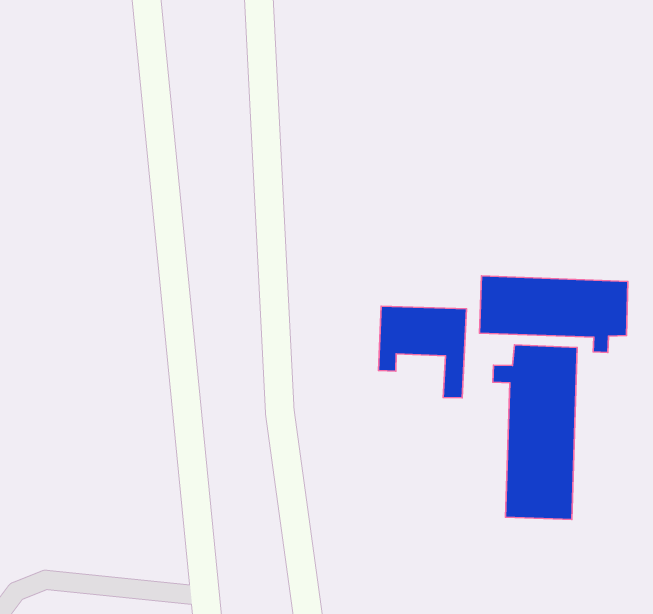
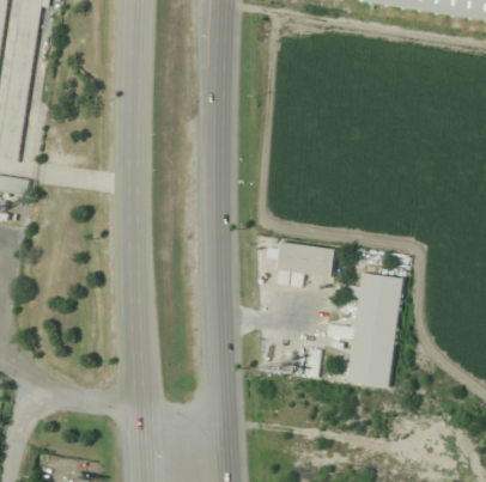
building: [479,276,628,352] -> none

